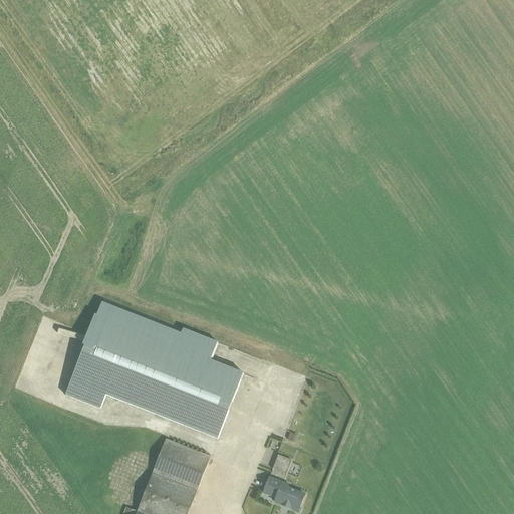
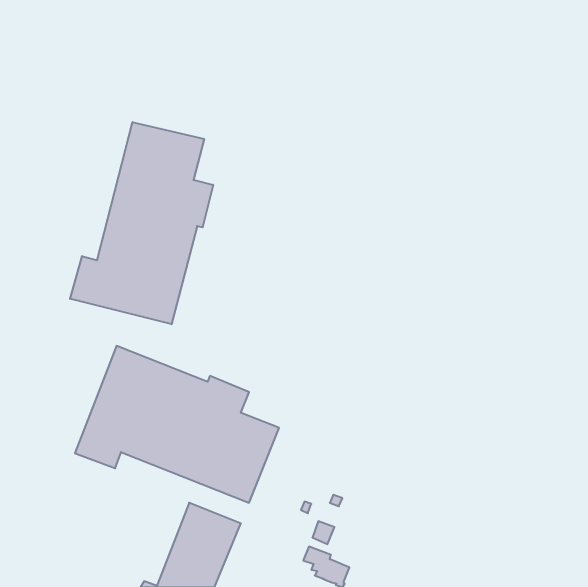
building: none -> [70,122,213,324]

